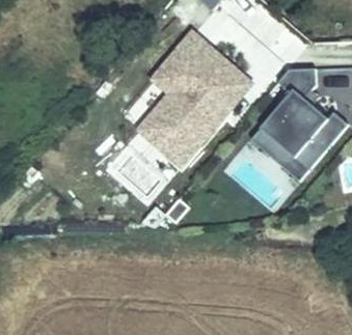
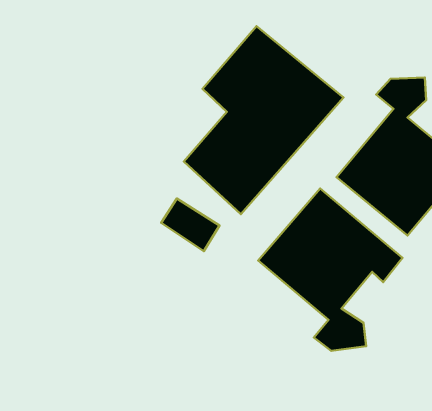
building: none -> [258,189,403,351]

